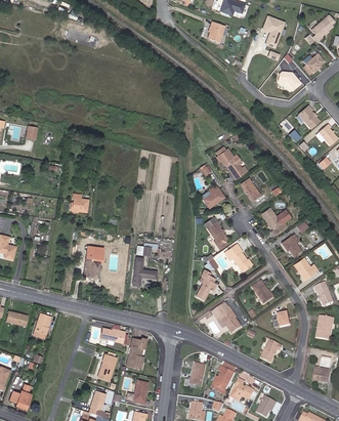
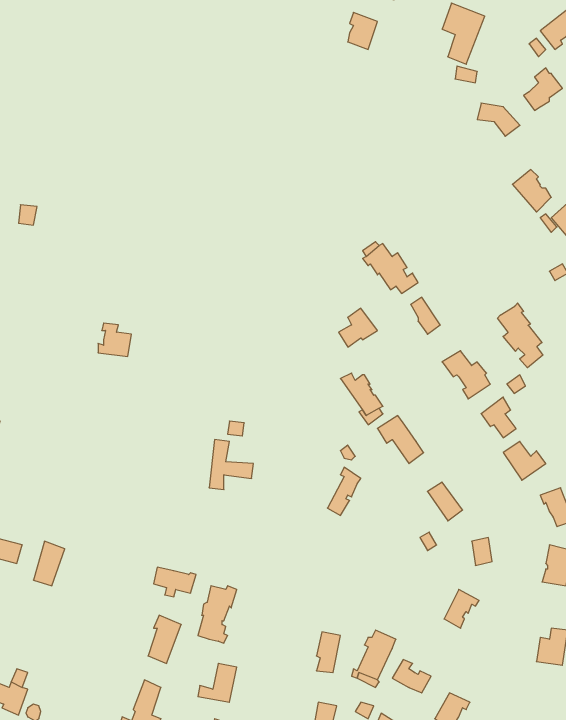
building: none -> [498,303,543,368]
building: [81,245,107,279] -> none
building: [212,302,241,331] -> none

